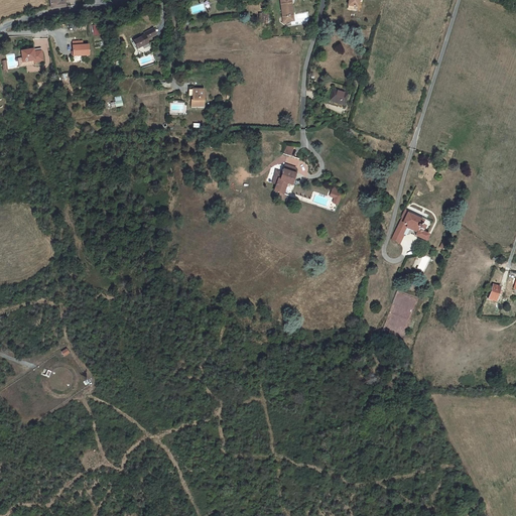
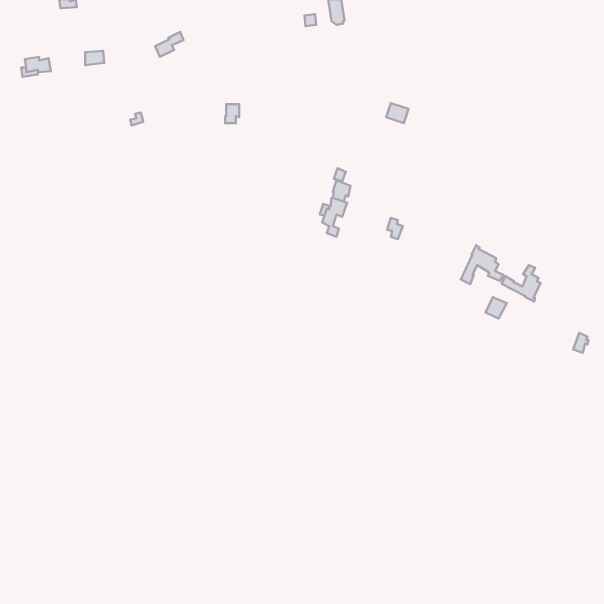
building: none -> [502,265,540,301]

